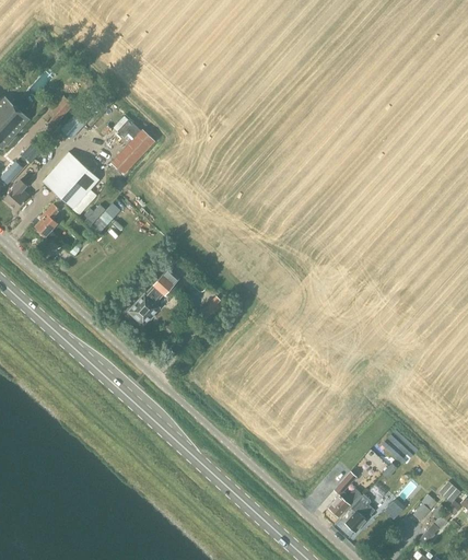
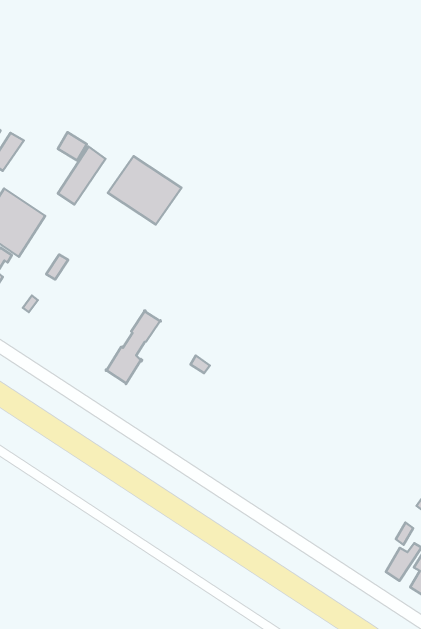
building: none -> [108,156,181,224]

